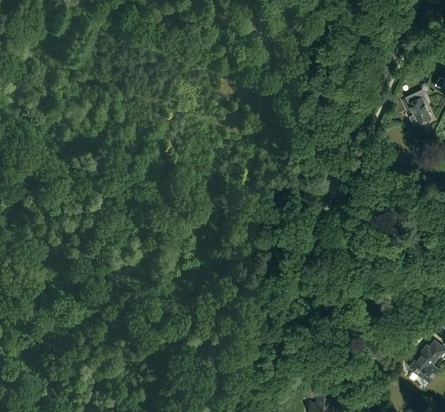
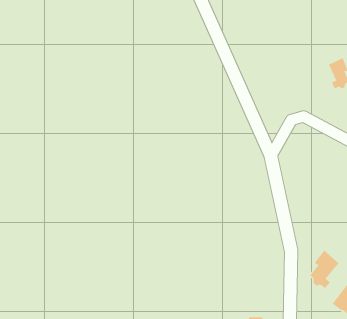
building: none -> [309,250,339,289]

